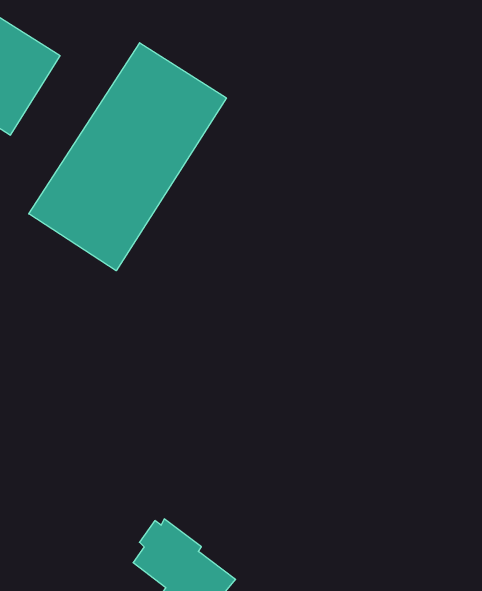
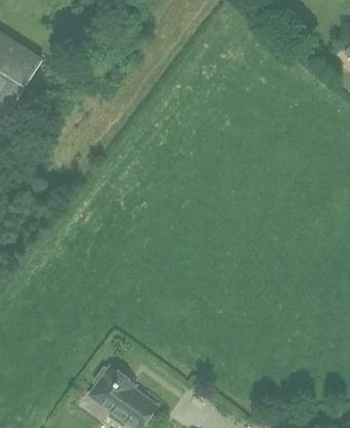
building: [29,43,226,271] -> none

